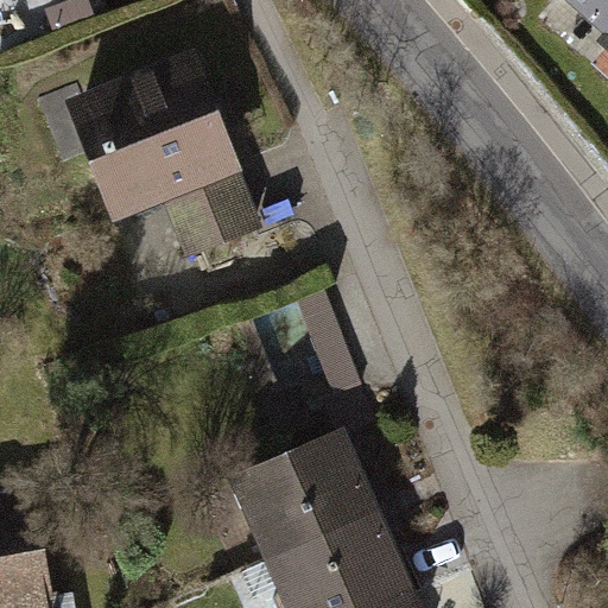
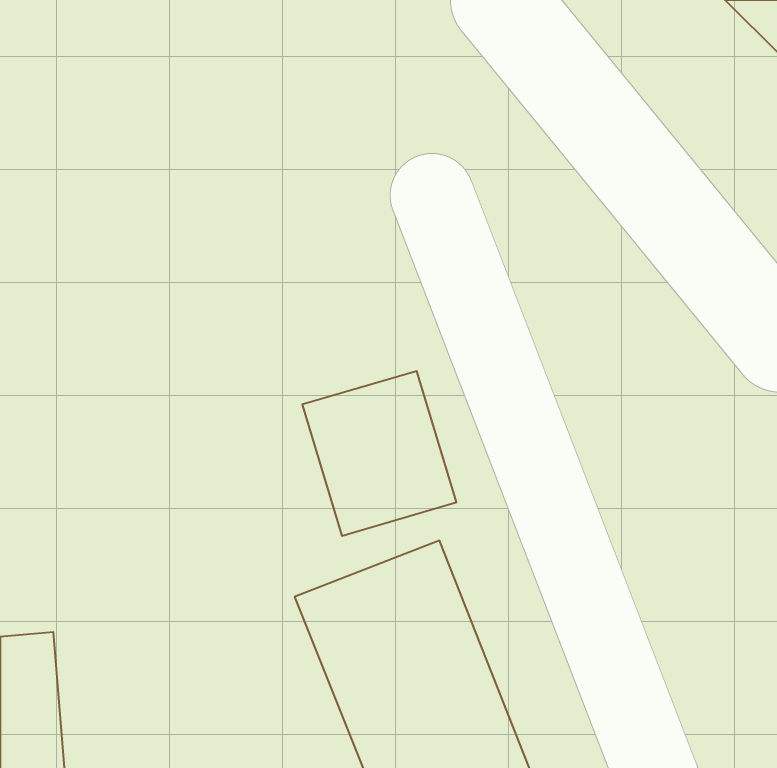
building: [70,53,255,255] -> none

